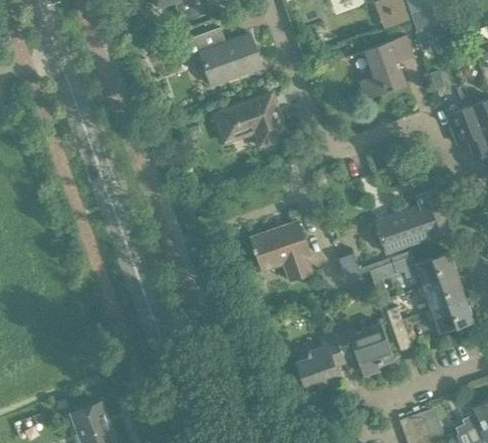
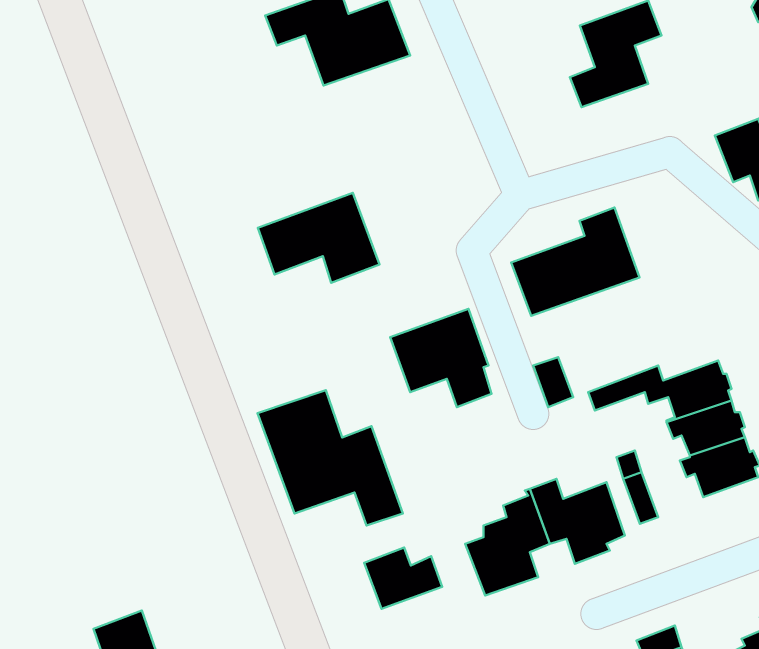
building: [215,93,288,148] -> [258,193,379,283]
building: [375,189,452,254] -> [511,208,639,316]
building: none -> [257,390,403,526]
building: none -> [364,548,442,609]

